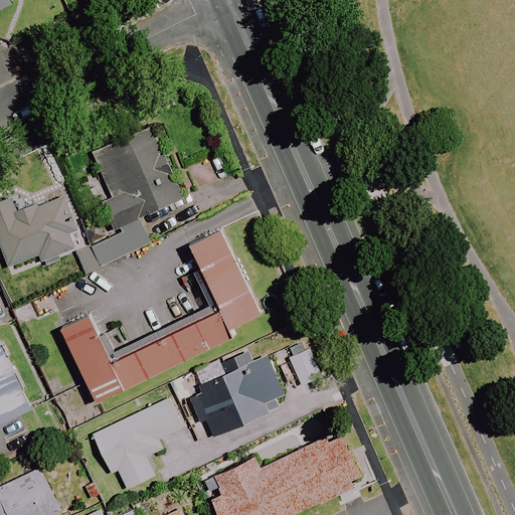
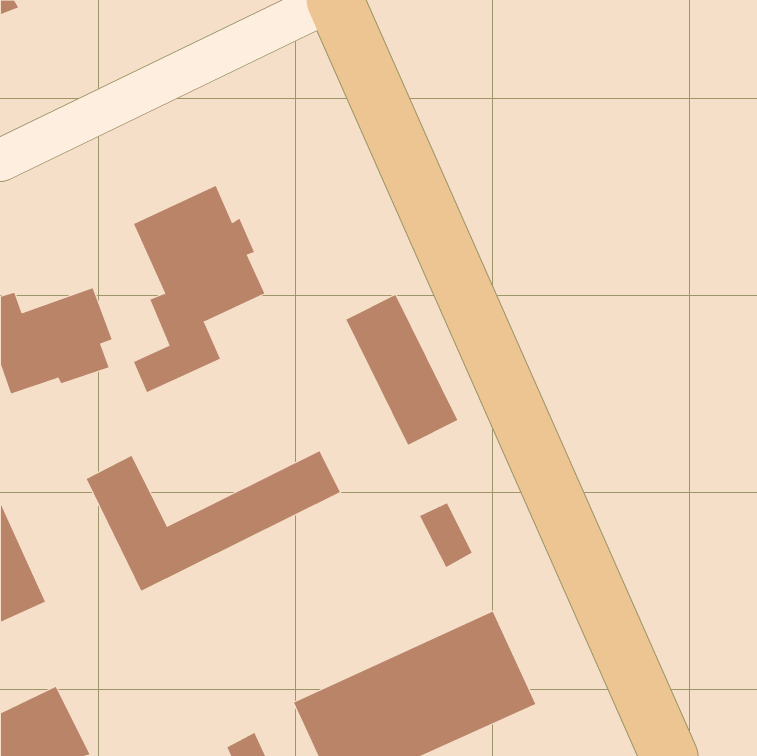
building: [186,226,263,329] -> [346,294,458,445]
building: [188,352,284,439] -> none
building: [93,399,183,490] -> none

